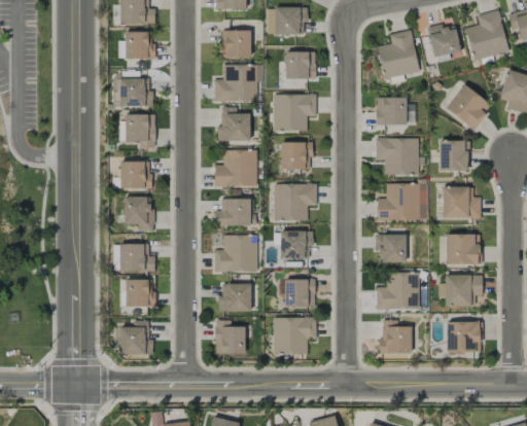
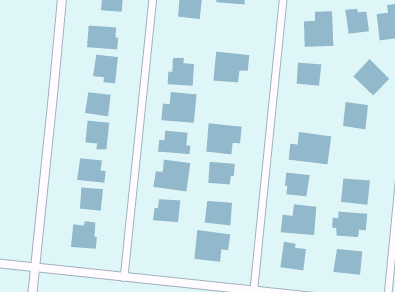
building: [285,51,316,79] -> none
building: [215,65,257,102] -> none
building: [376,138,419,175] -> none
building: [282,142,312,169] -> none
building: [443,187,481,218] -> none
building: [215,320,246,354] -> none

